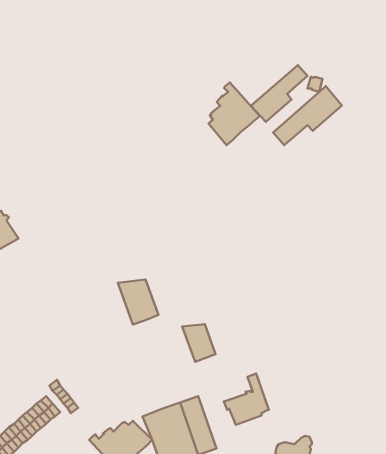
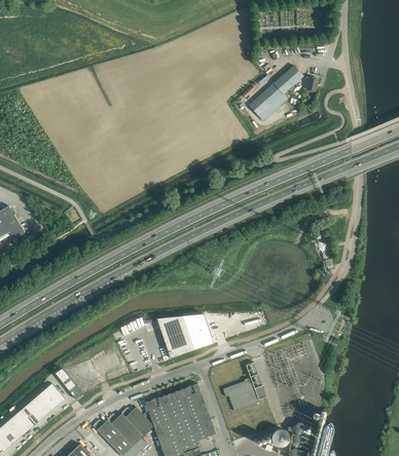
building: [208,82,260,145] -> none
building: [273,86,342,145] -> none
building: [118,280,158,325] -> [155,316,194,359]

